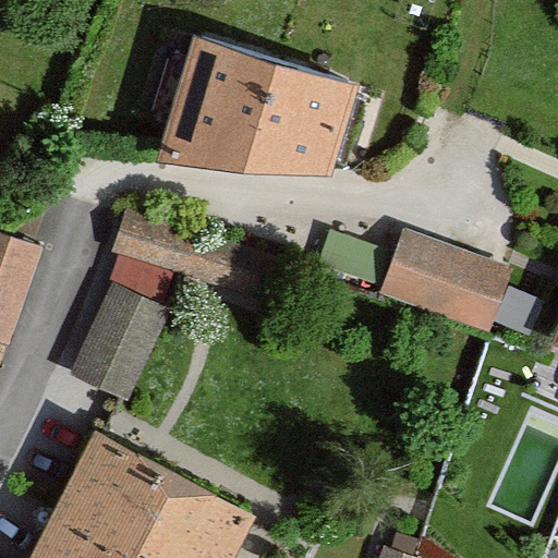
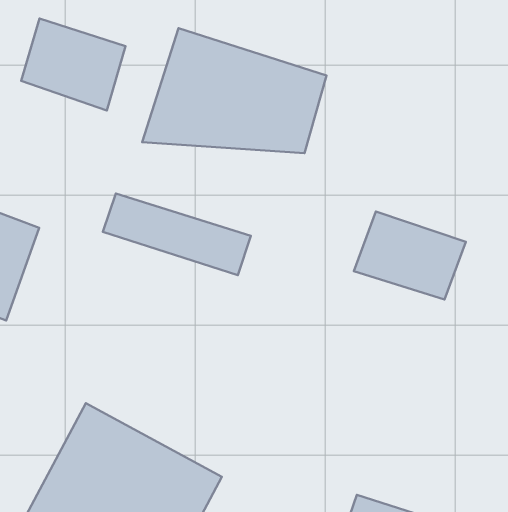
building: none -> [21,19,125,110]
building: [68,283,171,402] -> none

